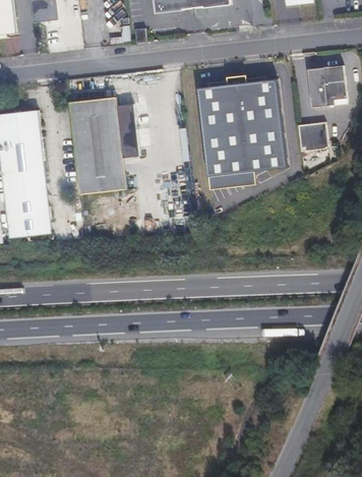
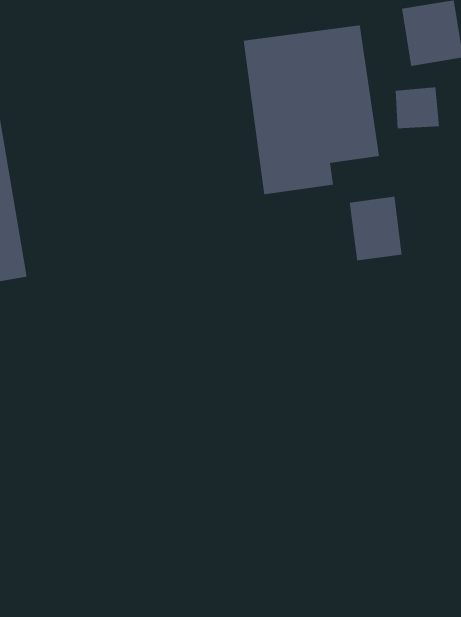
building: [68,97,137,193] -> none
building: none -> [349,196,402,261]

